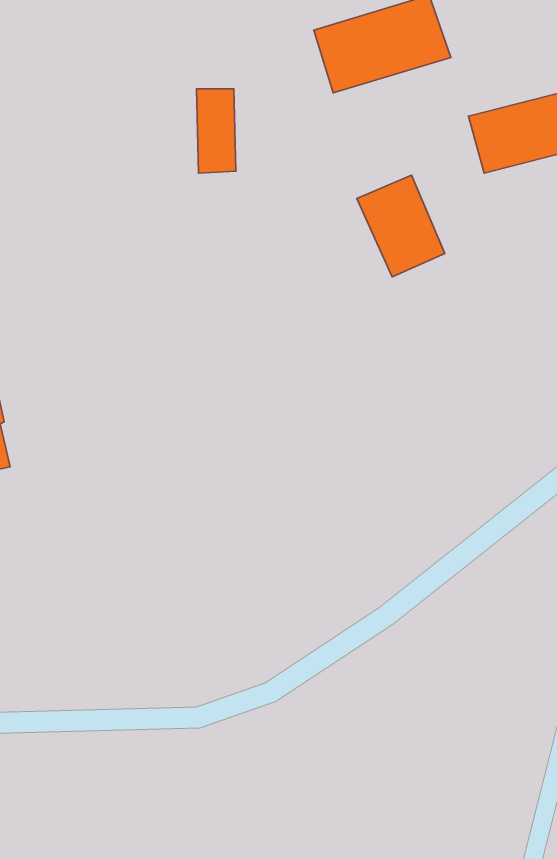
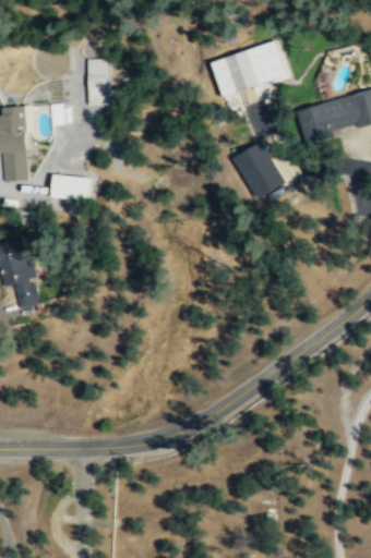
building: [197,89,236,173] -> [87,59,109,106]
building: none -> [51,175,89,199]

